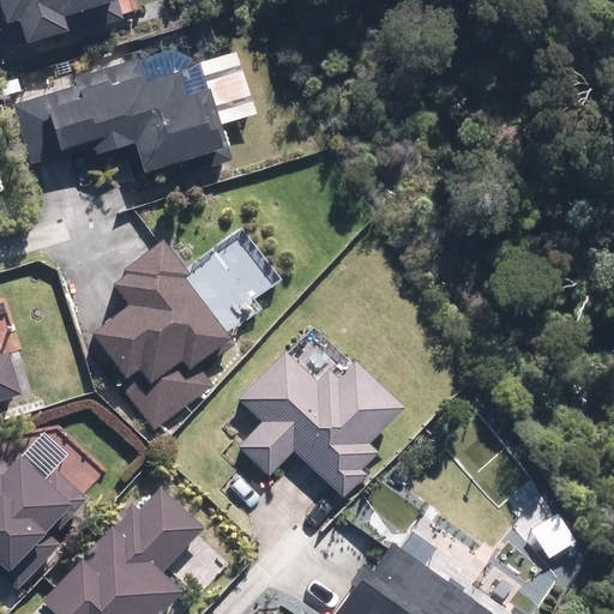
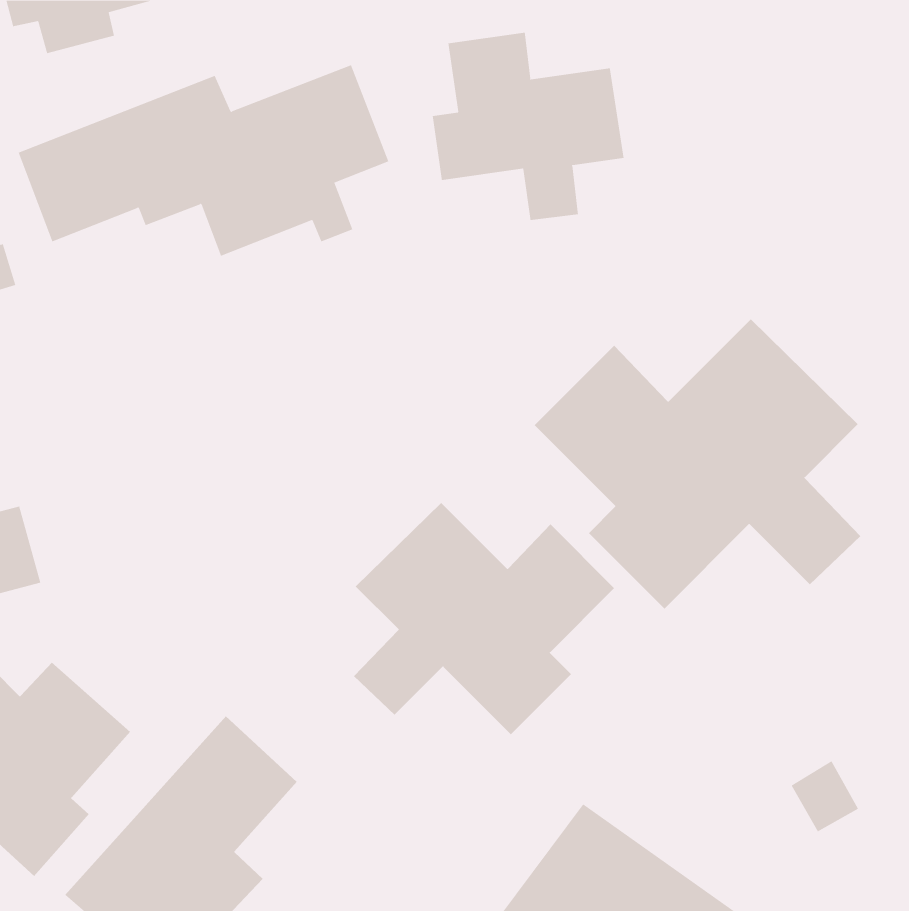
building: none -> [432,32,624,221]
building: none -> [534,319,861,609]
building: [88,235,276,433] -> none

